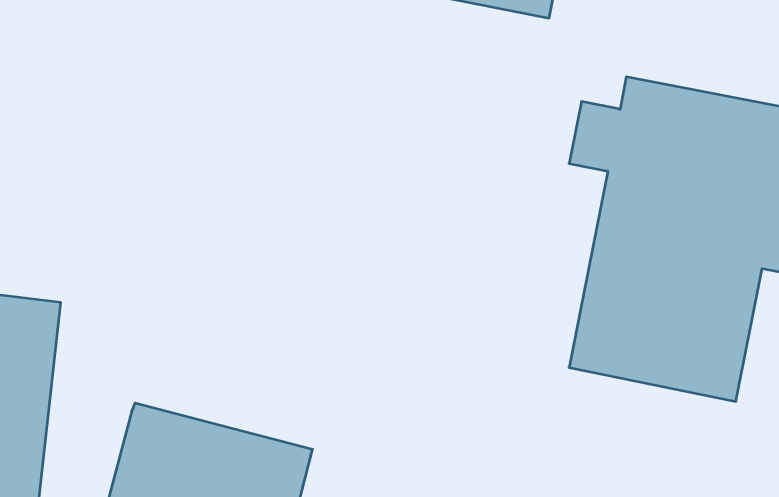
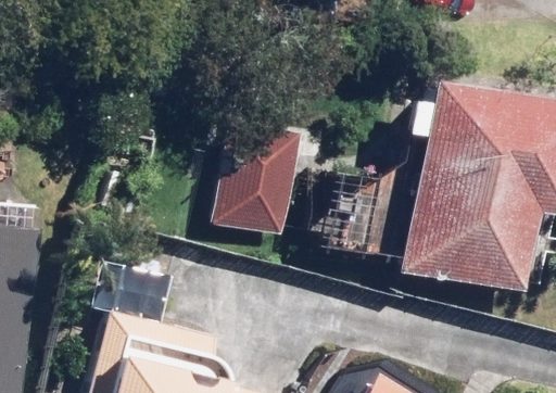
building: none -> [214,124,302,237]

